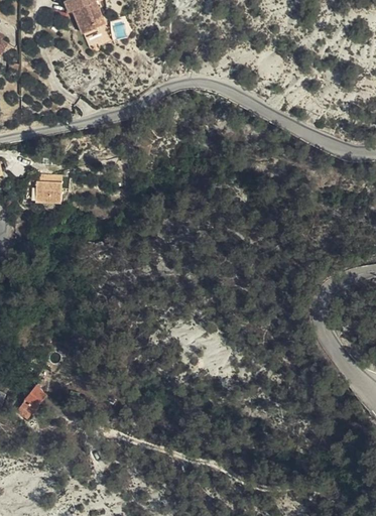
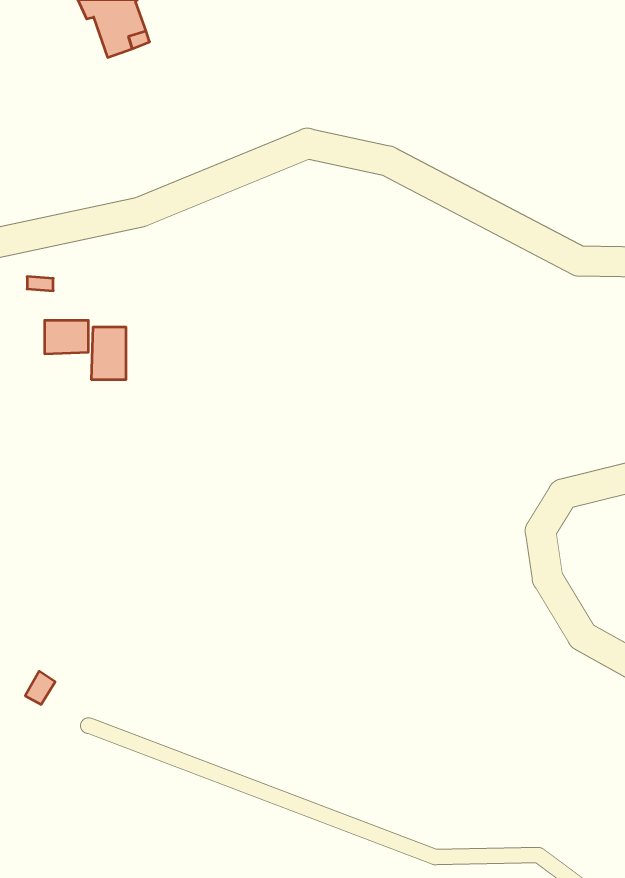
building: none -> [92,327,126,380]

